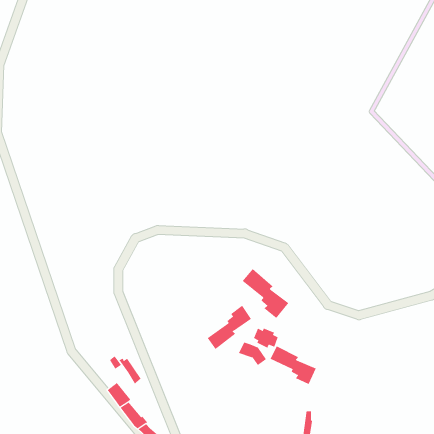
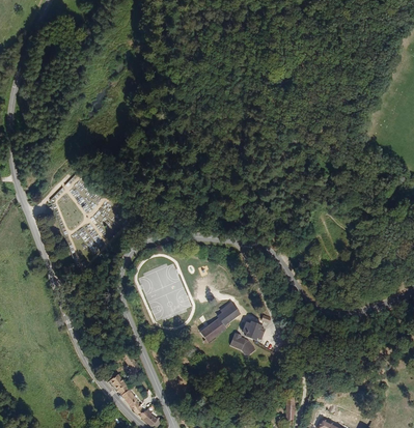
building: [242,268,289,319] -> none
building: [270,345,316,385] -> none

